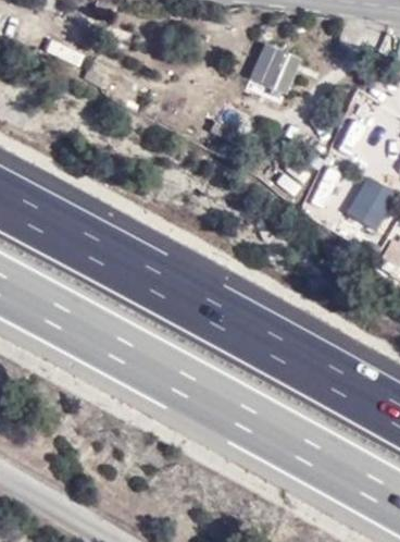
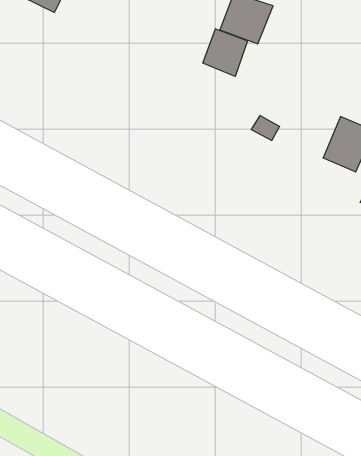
building: none -> [203,29,248,76]

